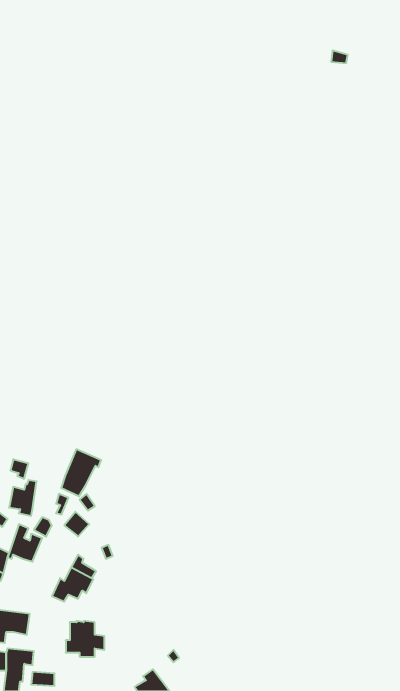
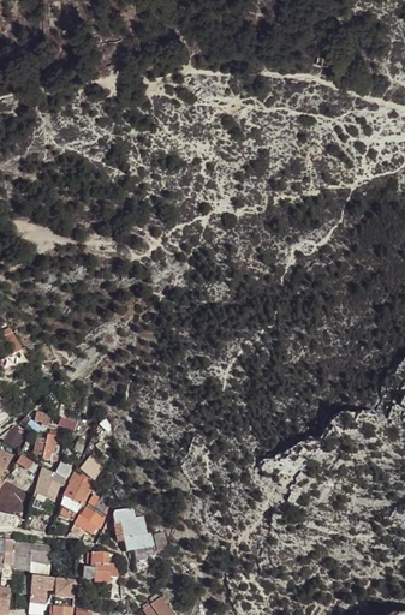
building: [61,449,101,496] -> [60,472,95,513]
building: none -> [113,507,155,551]

